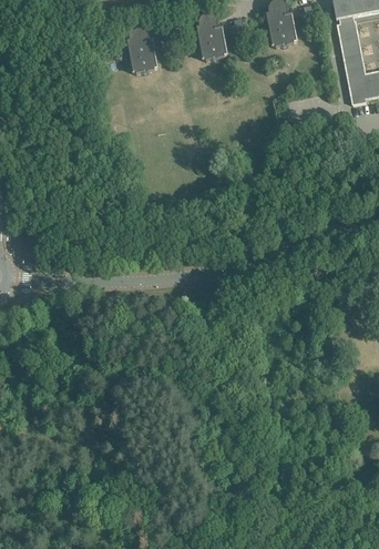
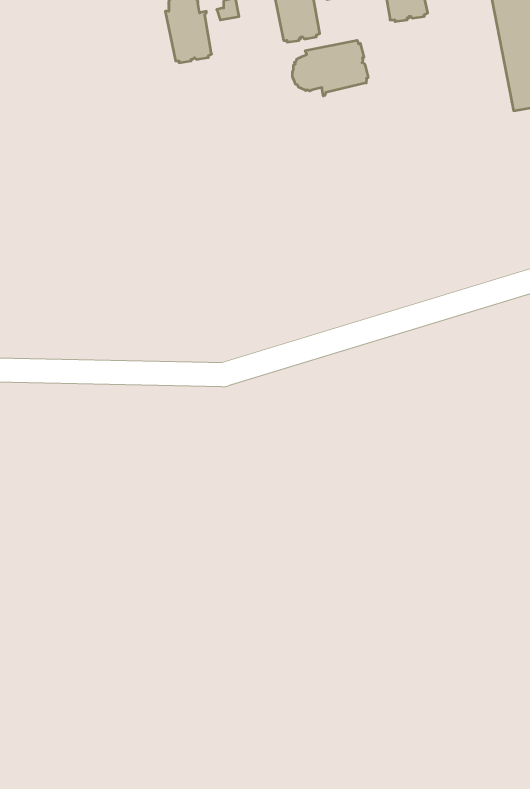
building: none -> [292,40,368,96]

